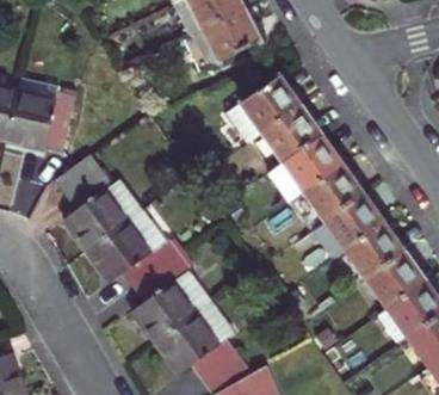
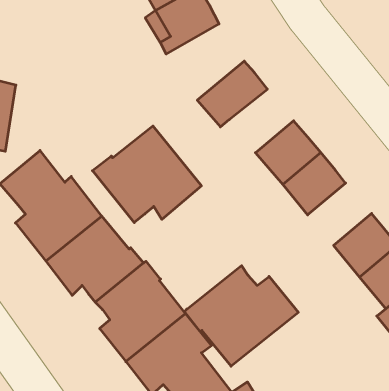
building: [264,110,321,166] -> none
building: none -> [92,126,201,223]
building: [328,198,385,253] -> none
building: none -> [184,266,298,366]

